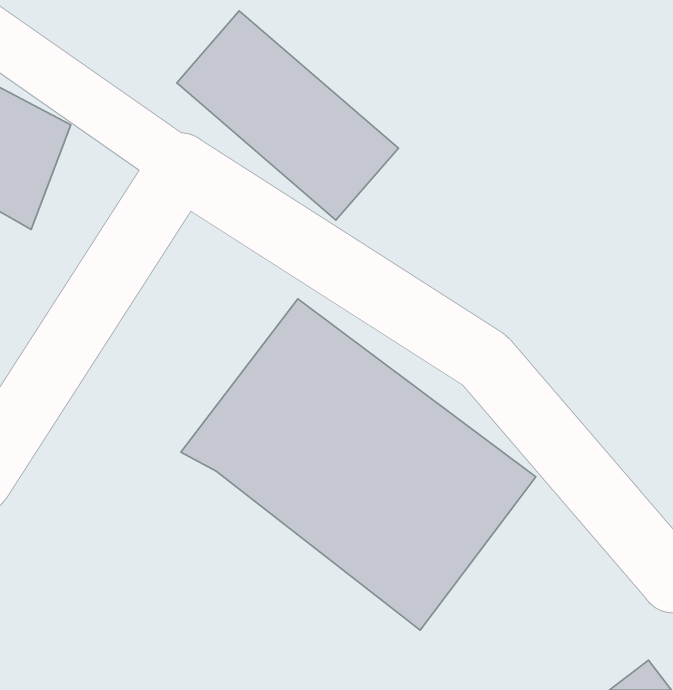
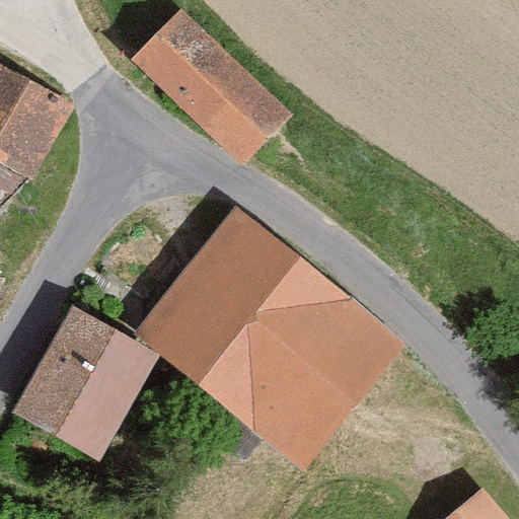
building: none -> [8,302,161,463]

